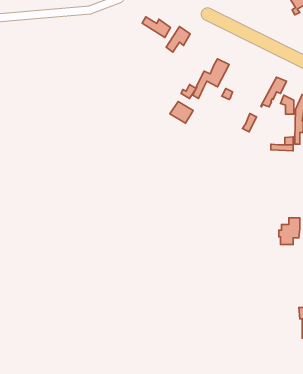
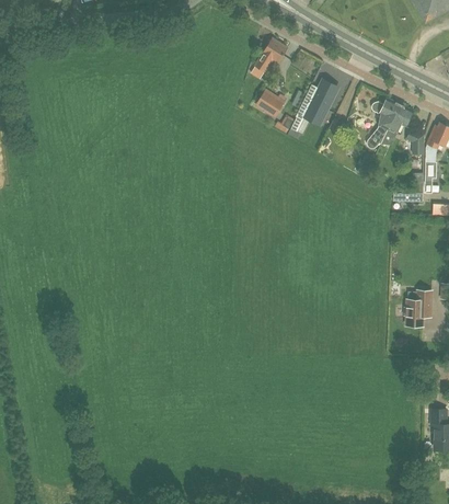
building: [142,17,171,38] -> none
building: none -> [368,98,401,147]
building: [170,101,193,123] -> [254,89,285,117]

